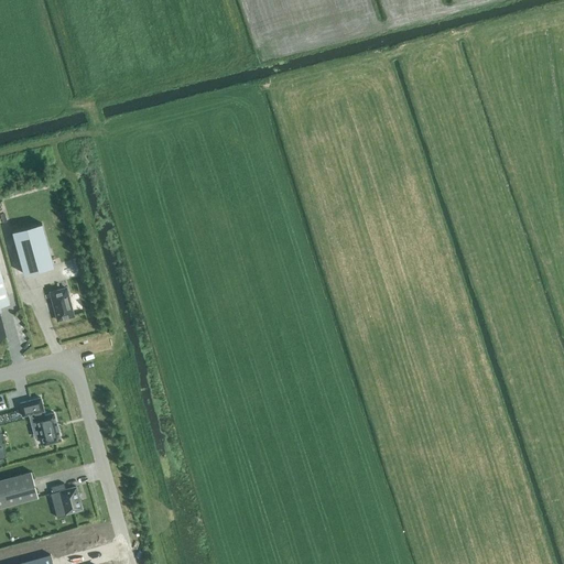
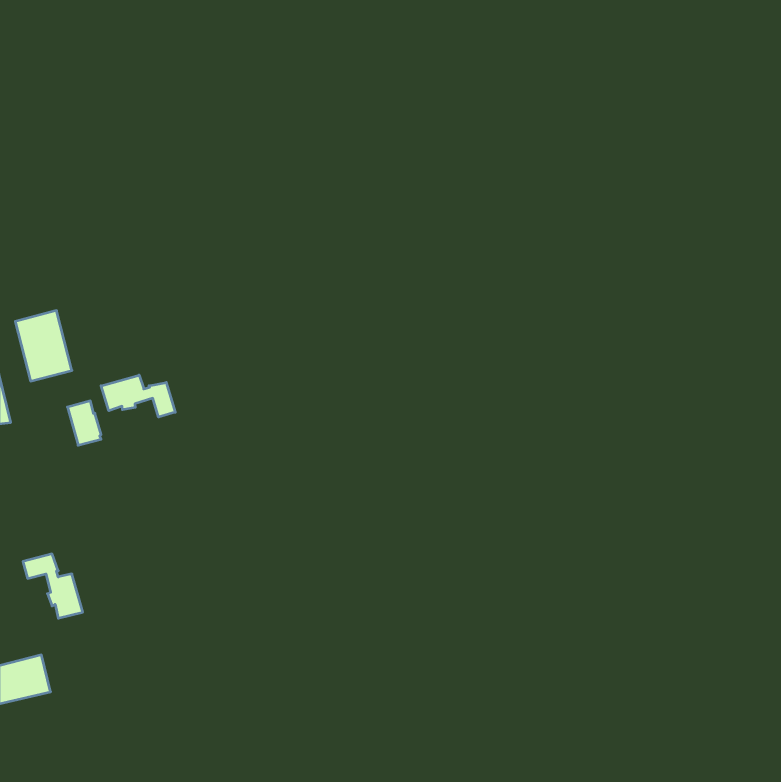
building: none -> [101,375,175,417]
building: [50,484,80,514] -> none

